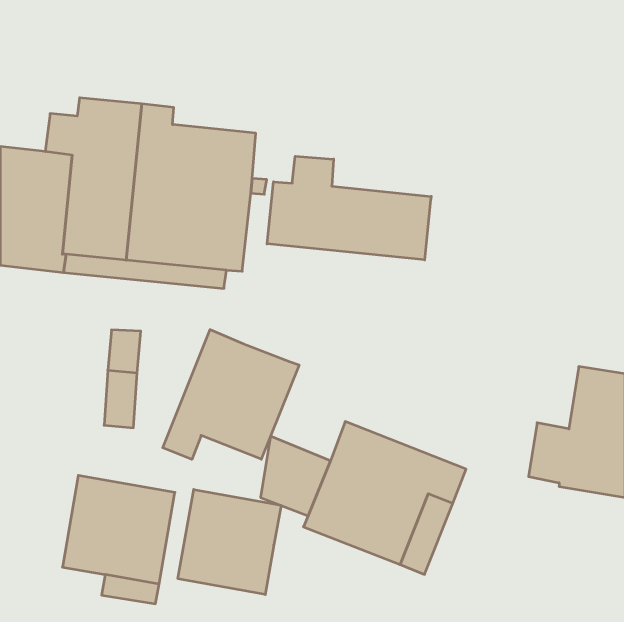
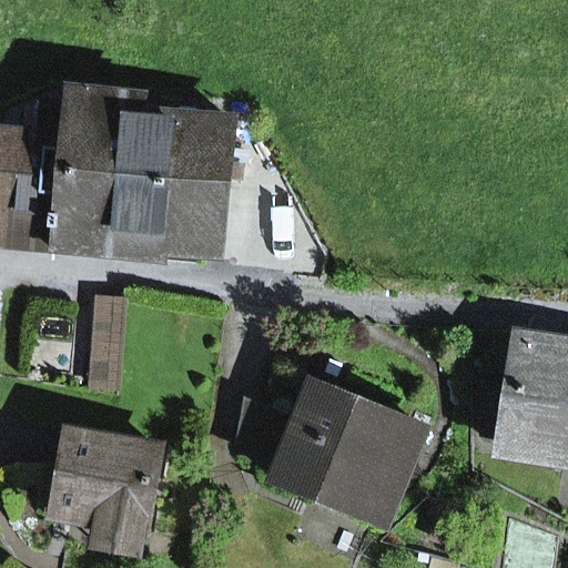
building: [267,156,431,260] -> none
building: [163,330,299,459] -> none
building: [178,489,281,595] -> none

